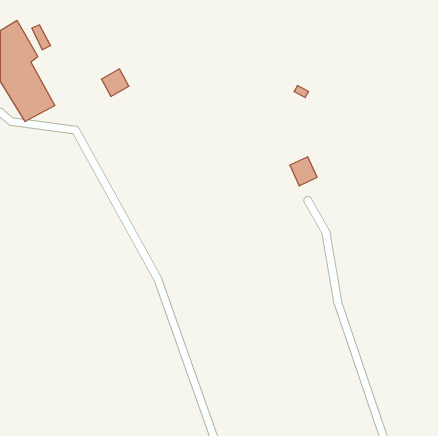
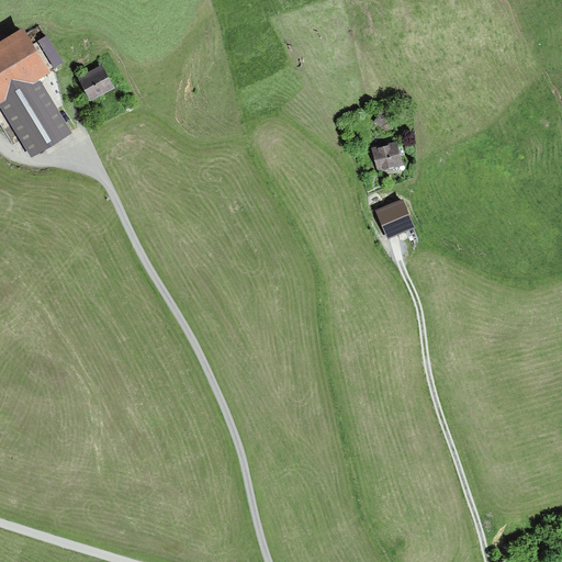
building: [101,69,129,96] -> [77,66,112,101]
building: none -> [371,140,401,169]

